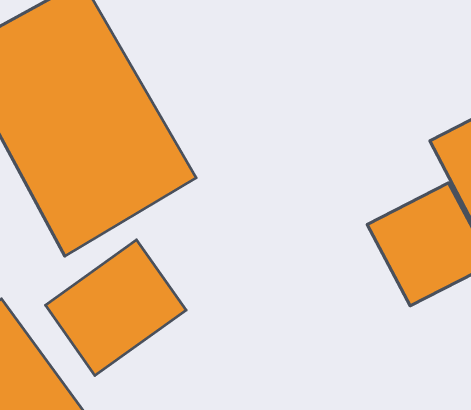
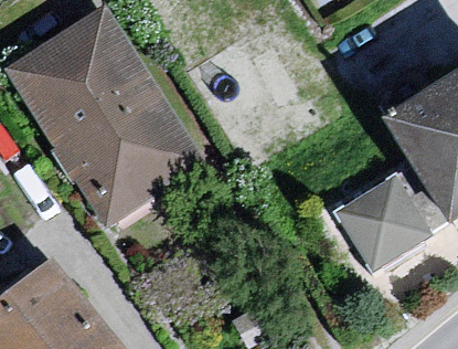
building: [45,240,186,376] -> none

